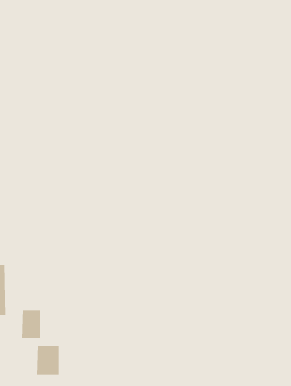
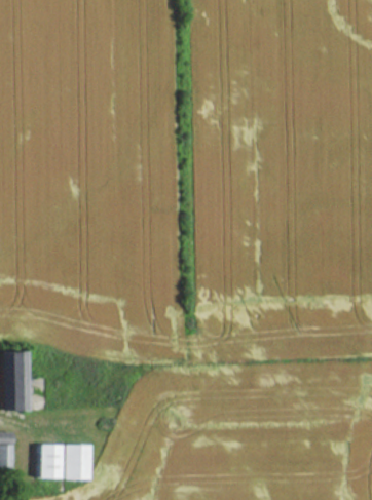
building: [21,309,41,339] -> [42,445,65,478]

